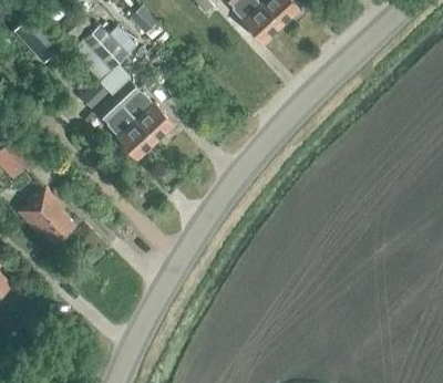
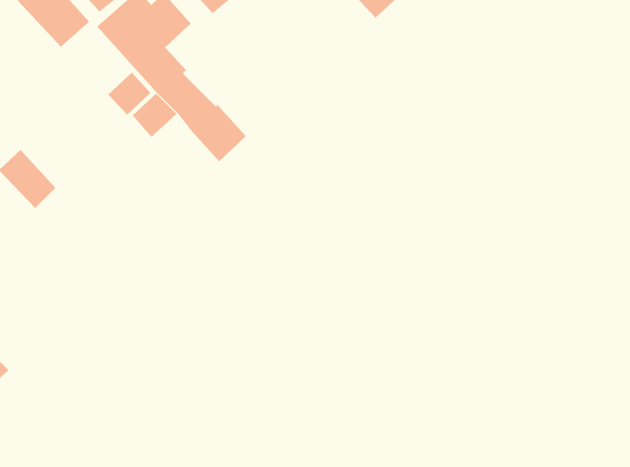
building: [106,108,154,159] -> none
building: [18,187,73,244] -> none

